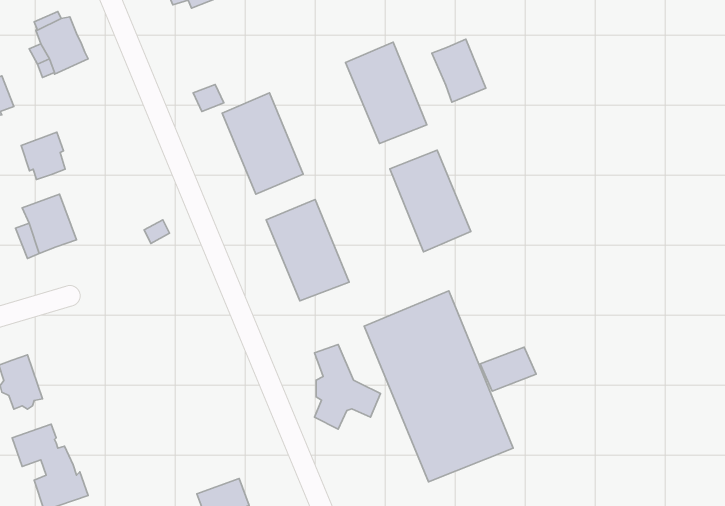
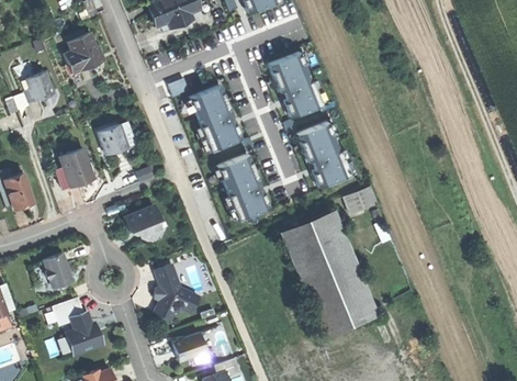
building: [432,39,486,102] -> none
building: [21,132,65,179] -> [98,123,126,154]
building: none -> [127,205,159,239]
building: [315,344,381,429] -> [156,265,199,320]
building: [480,347,536,391] -> [344,184,380,213]

